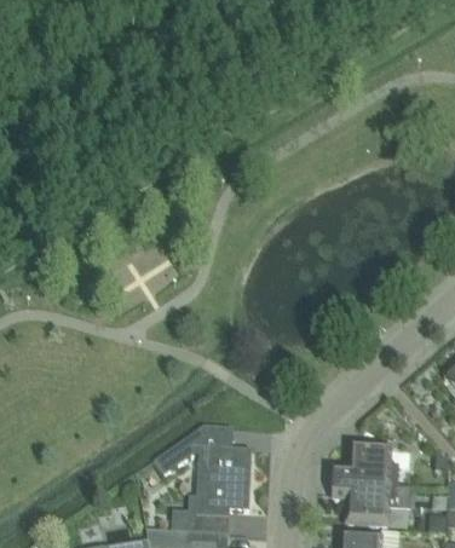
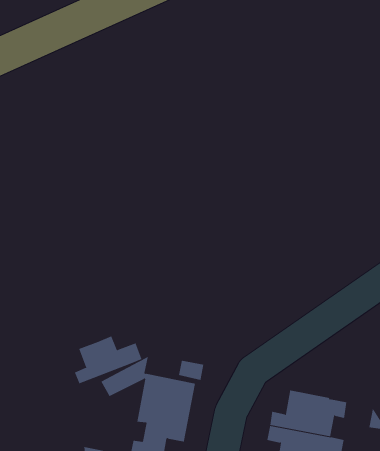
building: none -> [74,336,142,384]

